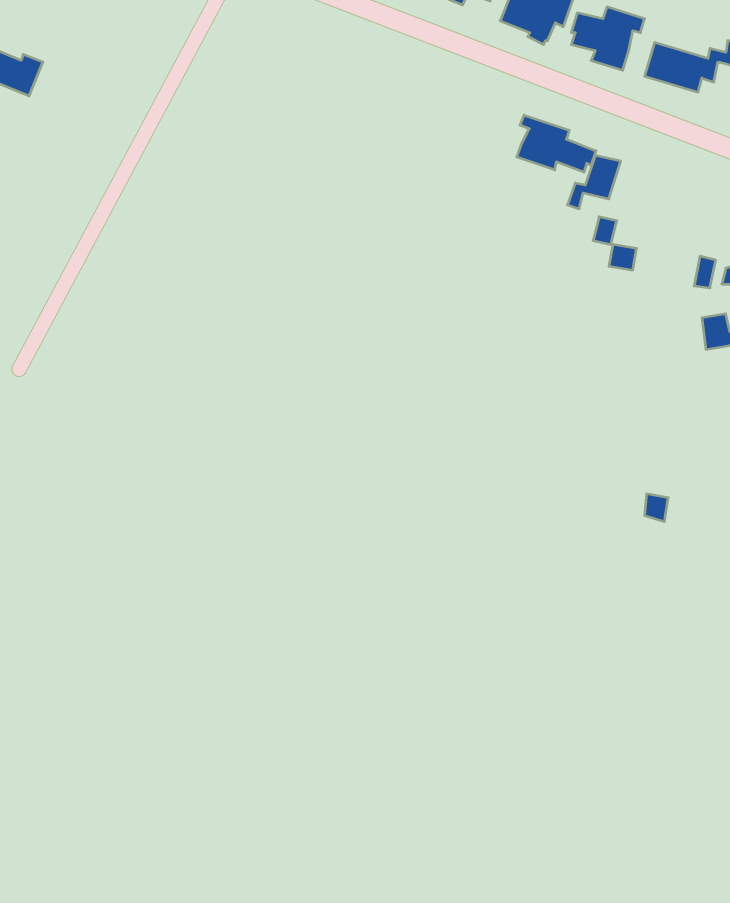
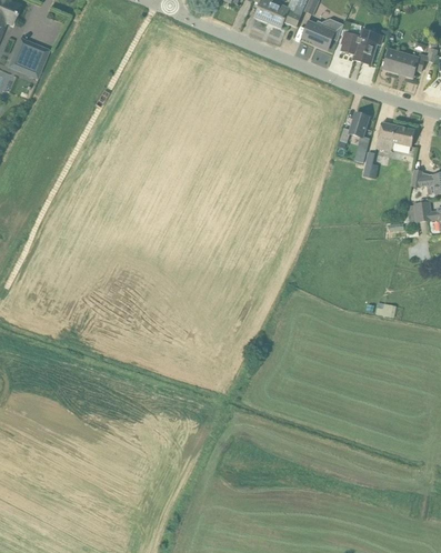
building: [517,115,596,172] -> none
building: none -> [377,121,415,150]

